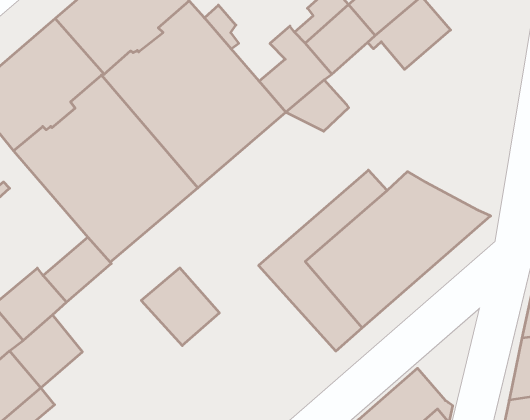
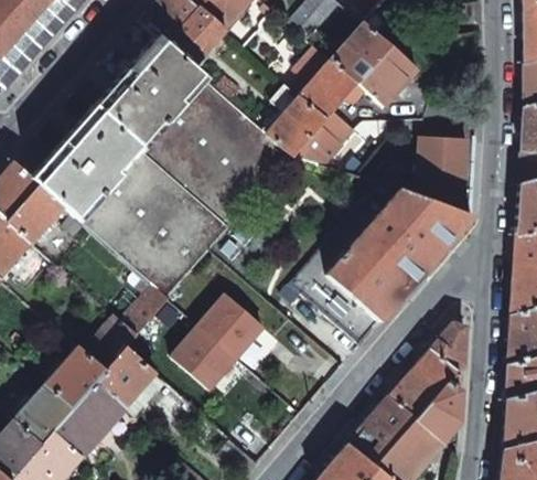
building: none -> [416,137,468,213]
building: none -> [171,326,236,390]
building: none -> [430,322,466,373]

